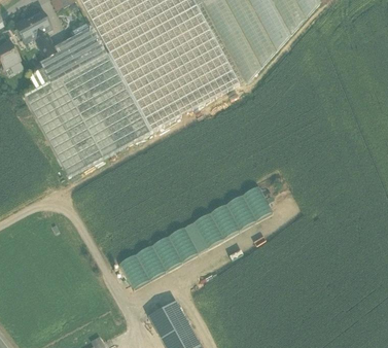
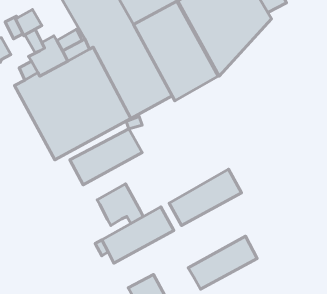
building: none -> [70,129,142,185]
building: none -> [97,184,143,226]
building: none -> [188,236,257,289]

